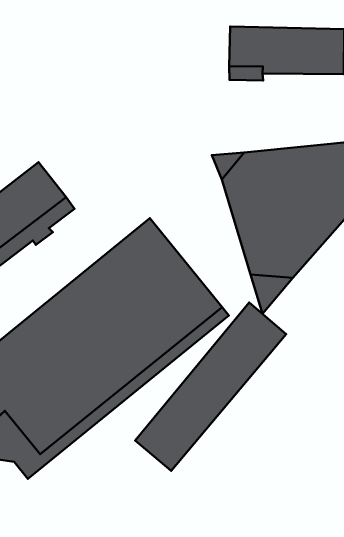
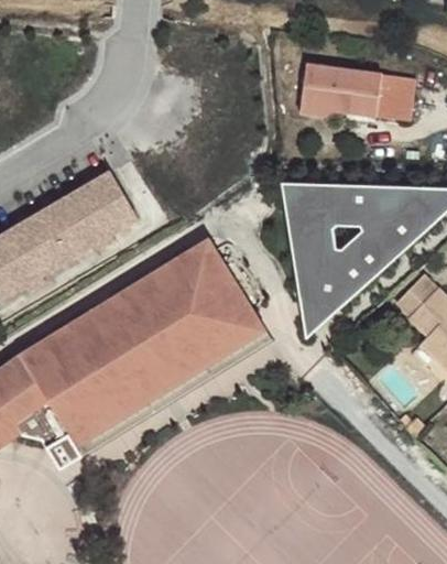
building: [135,303,286,471] -> none

